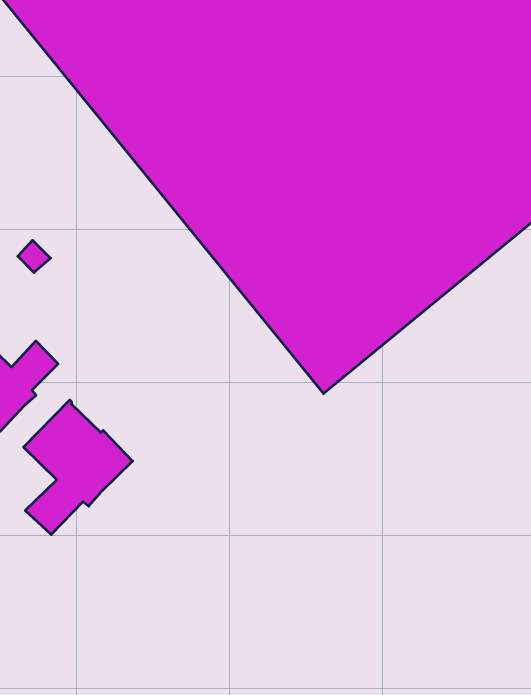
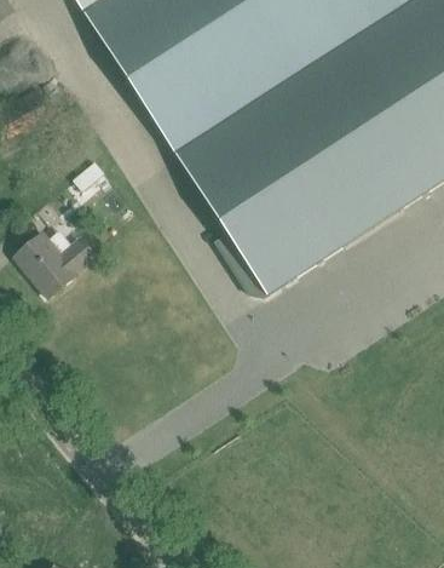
building: [24,400,133,535] -> none

